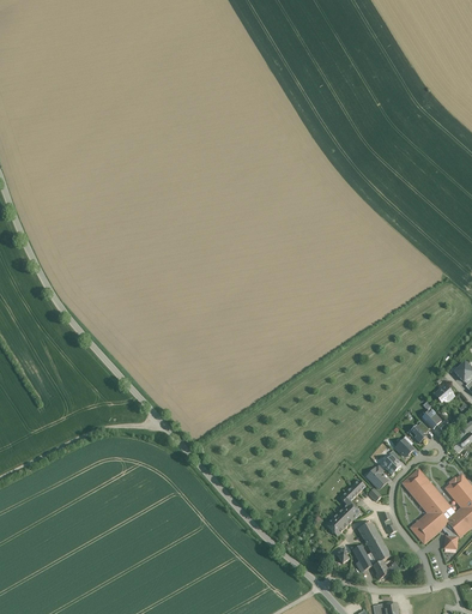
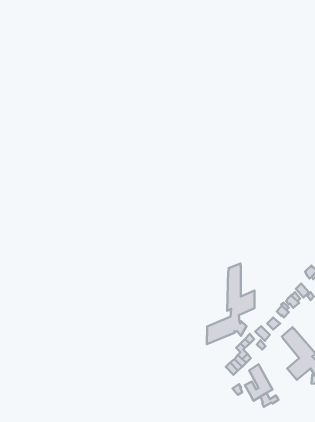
building: none -> [207,264,255,344]

